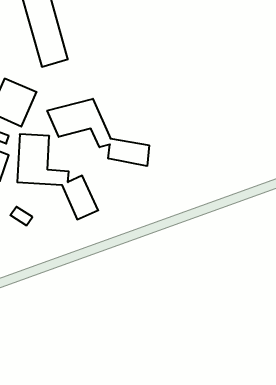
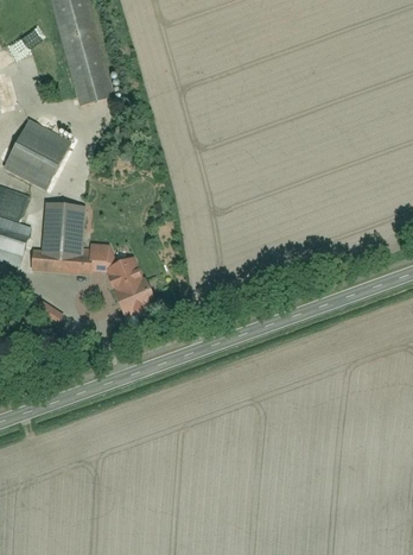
building: [47,99,149,166] -> none

